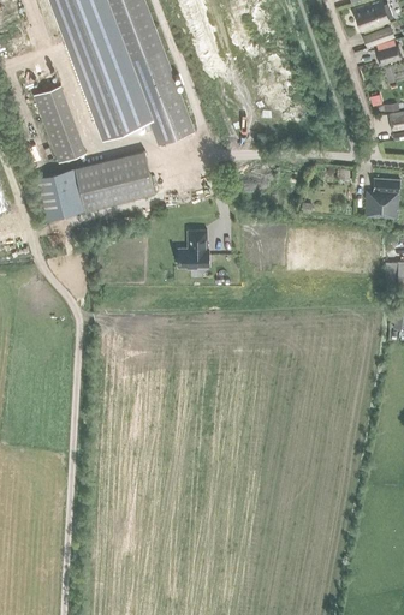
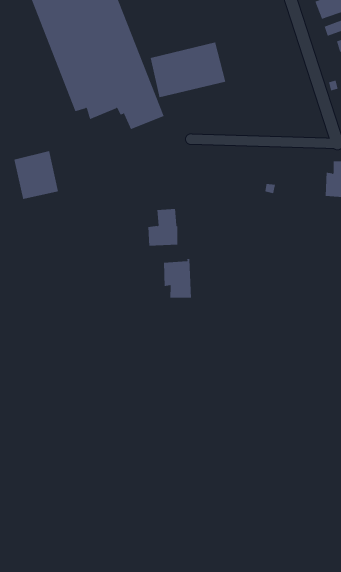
building: [32,84,83,162] -> none
building: [76,151,156,210] -> [150,42,226,98]
building: none -> [163,258,191,299]

